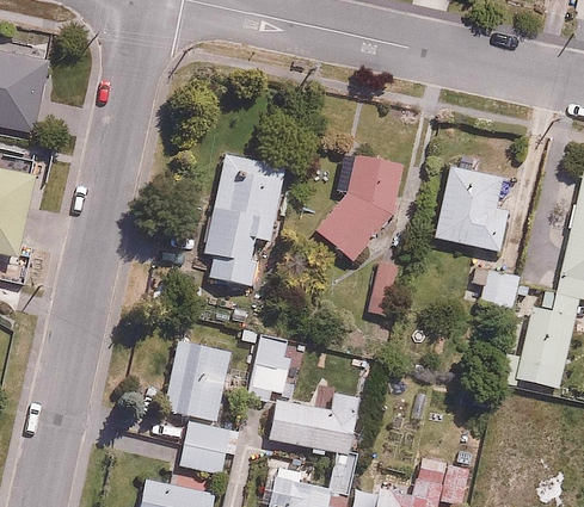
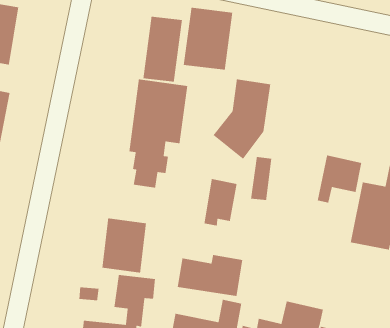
building: none -> [183,7,233,71]
building: none -> [142,16,183,82]
building: [429,161,515,252] -> none
building: [251,336,297,402] -> [203,178,237,226]

